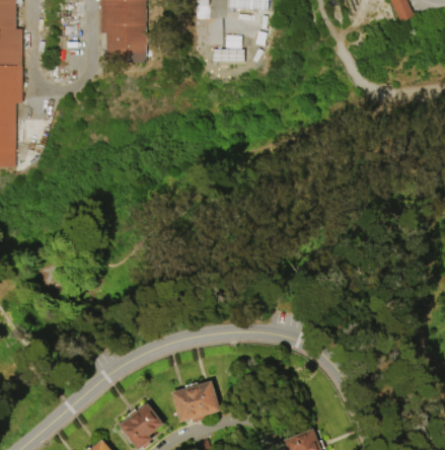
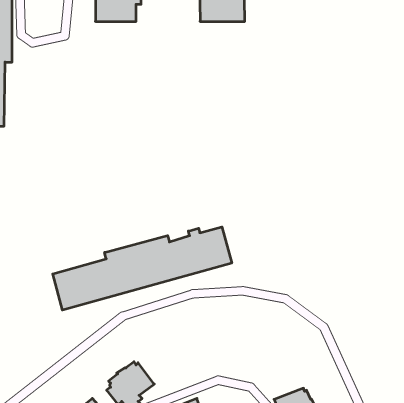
building: none -> [53,227,232,310]
building: [170,379,221,422] -> none

